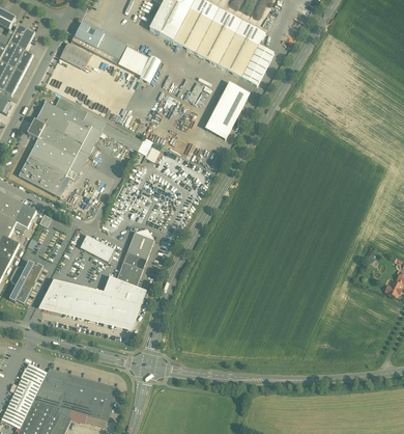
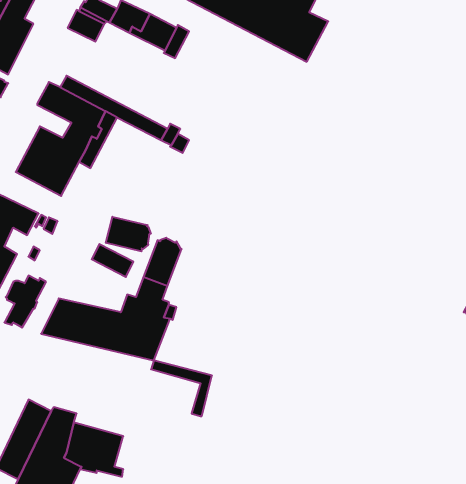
building: [204,81,250,139] -> none
building: [27,119,63,147] -> none
building: none -> [106,217,151,251]
building: [65,374,115,419] -> [151,360,212,416]

